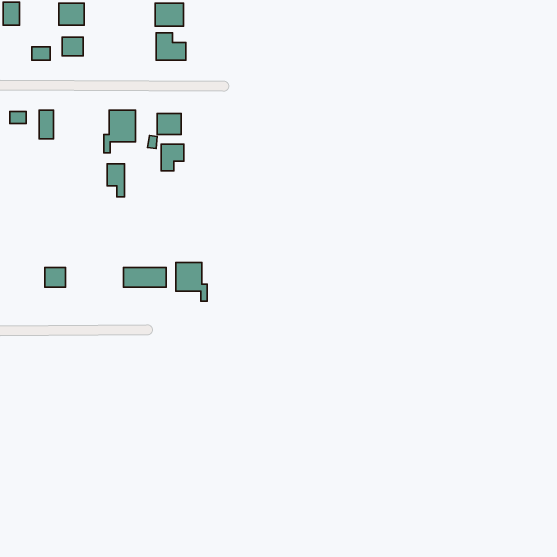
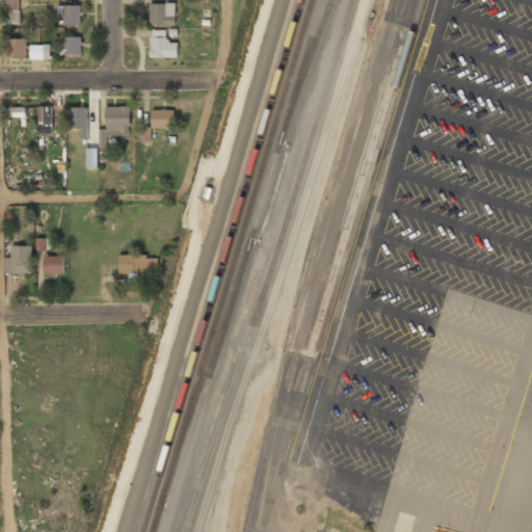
building: none -> [4,39,25,59]
building: [161,144,184,171] -> none
building: [107,164,125,197] -> [70,107,86,138]
building: none -> [4,245,30,274]
building: [176,263,207,301] -> none

